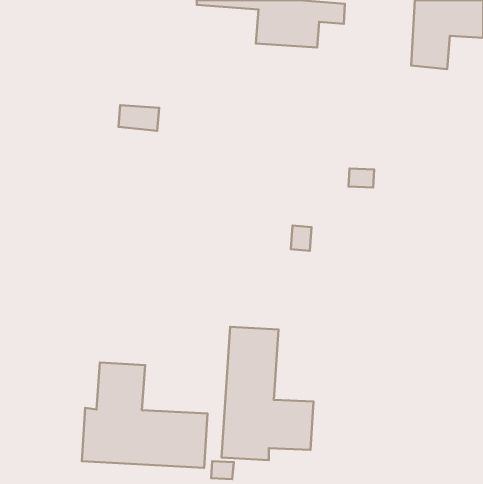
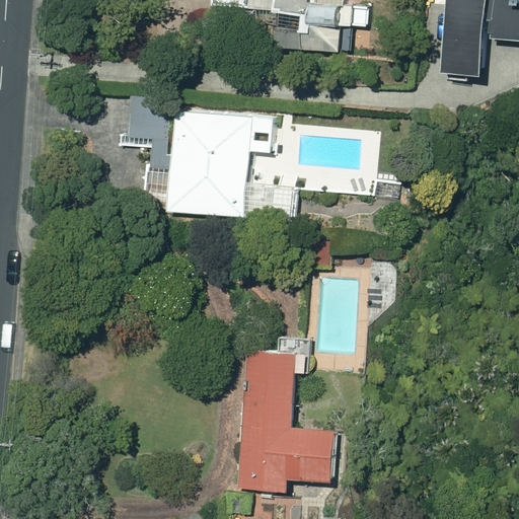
building: none -> [166,110,297,222]
building: [82,362,208,468] -> none

